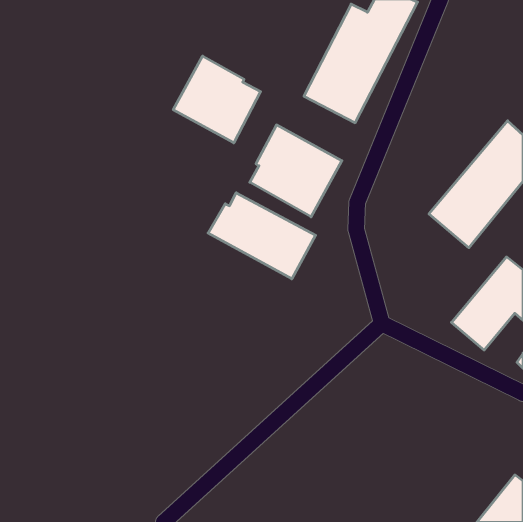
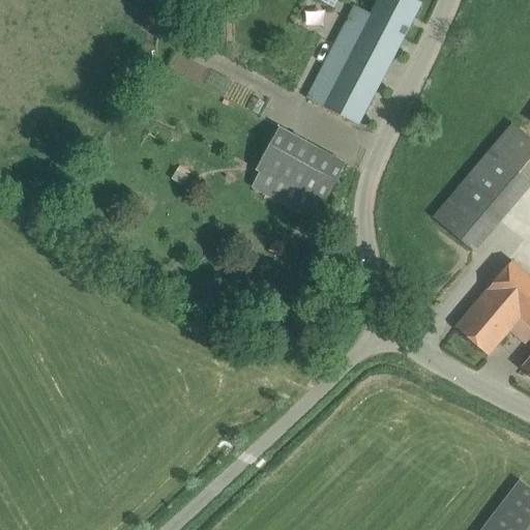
building: [173,56,261,143] -> none
building: [208,193,316,279] -> none

